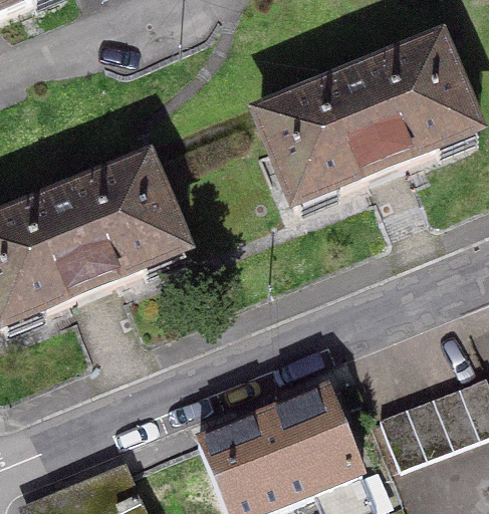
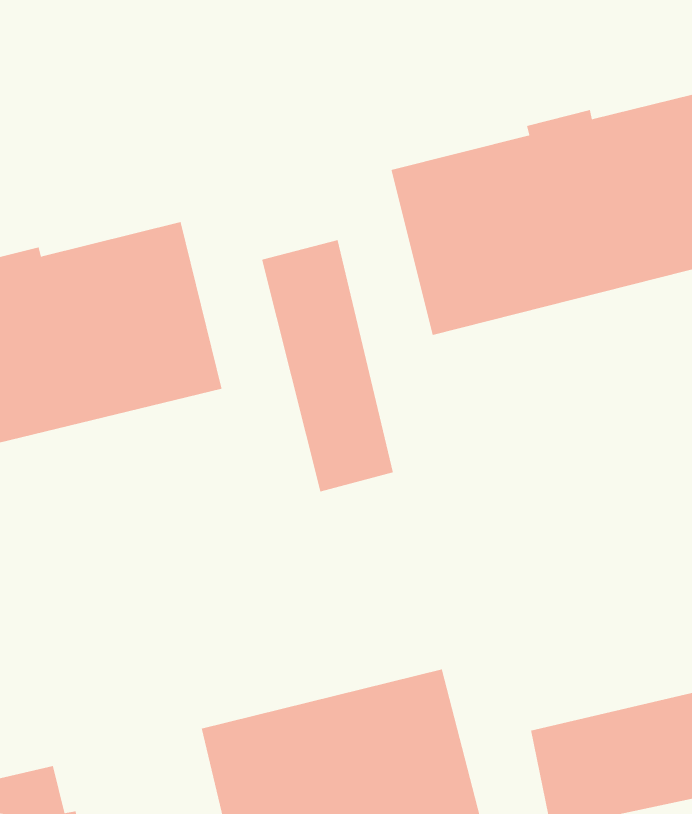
building: none -> [261,239,394,492]

